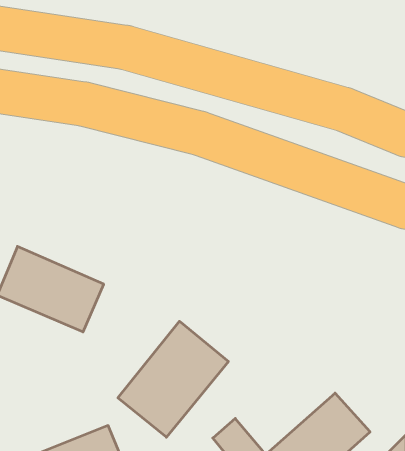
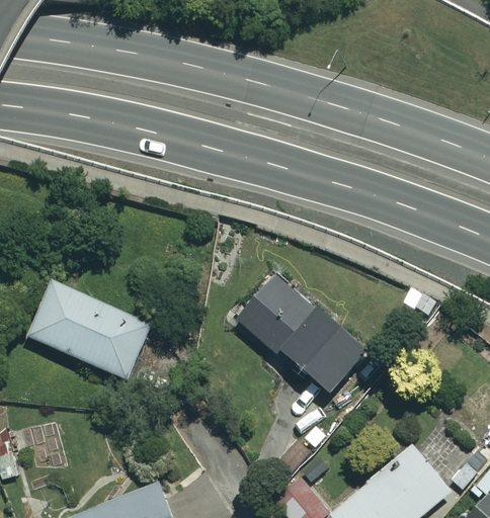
building: none -> [237,273,365,392]
building: [118,321,228,437] -> none

